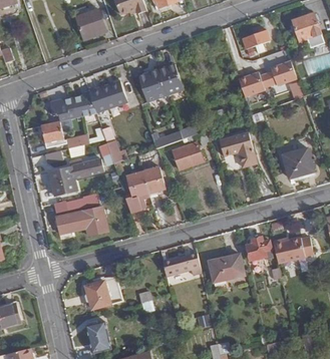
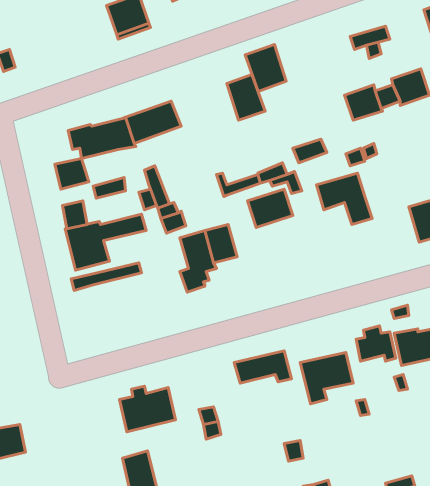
building: [137,70,166,102] -> [245,44,286,92]
building: [54,206,108,235] -> none

